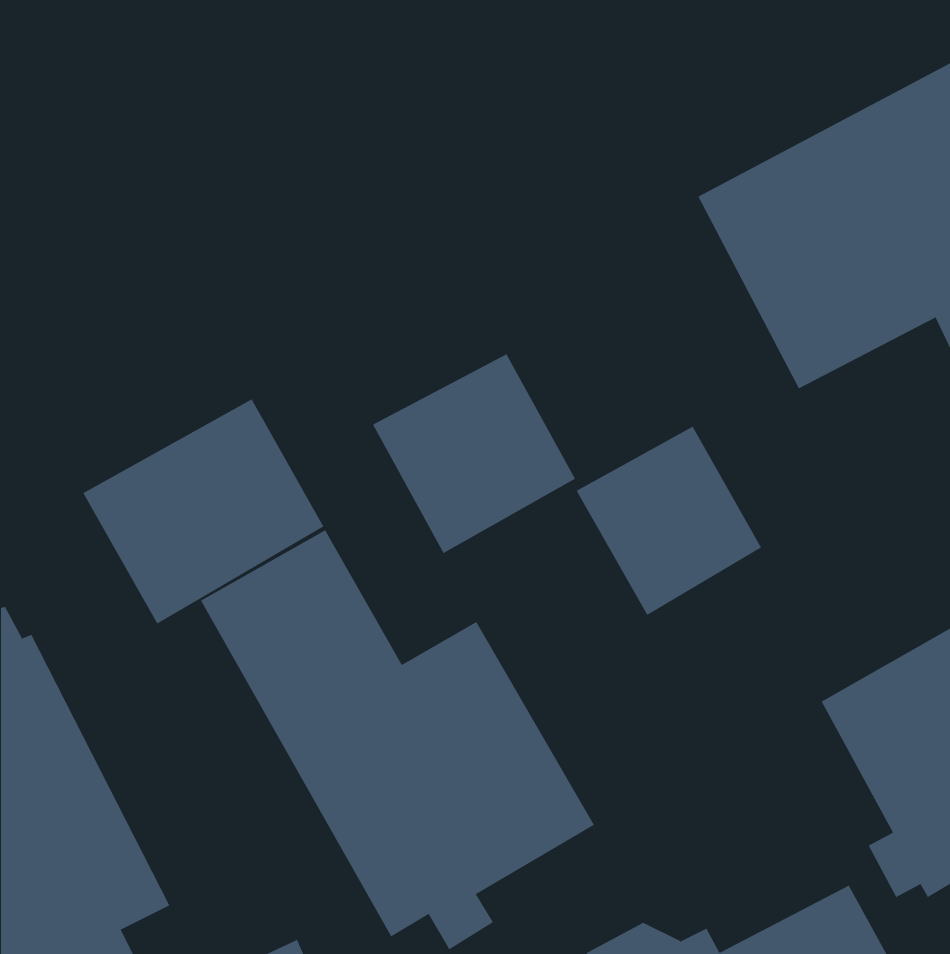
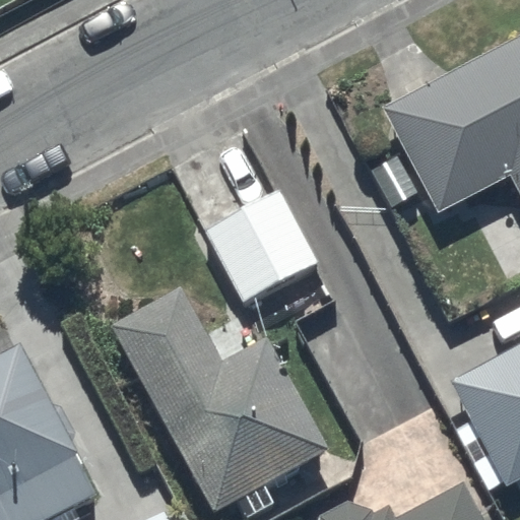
building: [83,398,324,625] -> none
building: [576,426,762,616] -> none

